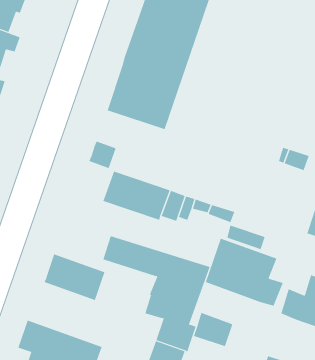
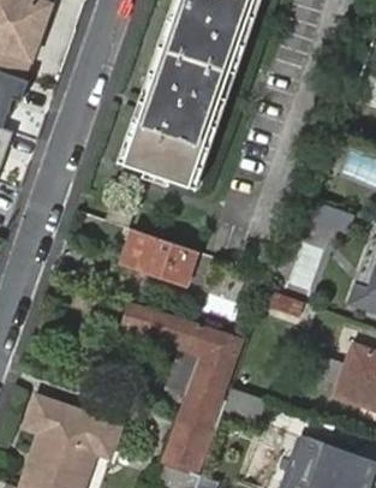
building: [205,238,283,307] -> none
building: [44,253,105,301] -> none

